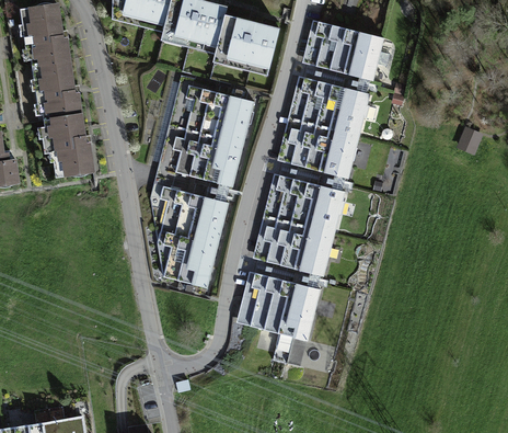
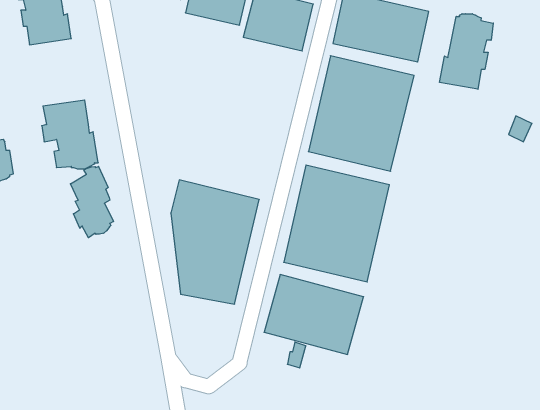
building: none -> [440,14,493,89]
building: [31,60,80,121] -> none
building: [161,84,257,189] -> none
building: none -> [70,166,113,238]

